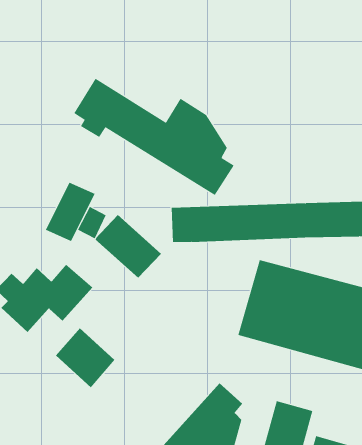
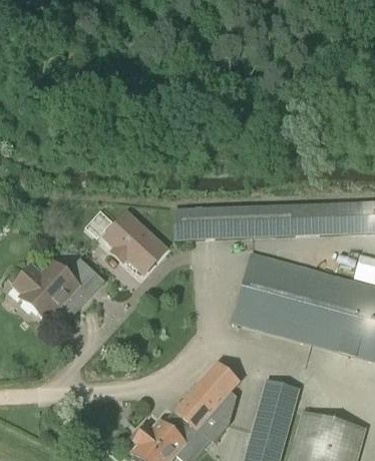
building: [73,78,234,196] -> none
building: [45,182,95,242] -> none
building: [55,327,115,388] -> none

